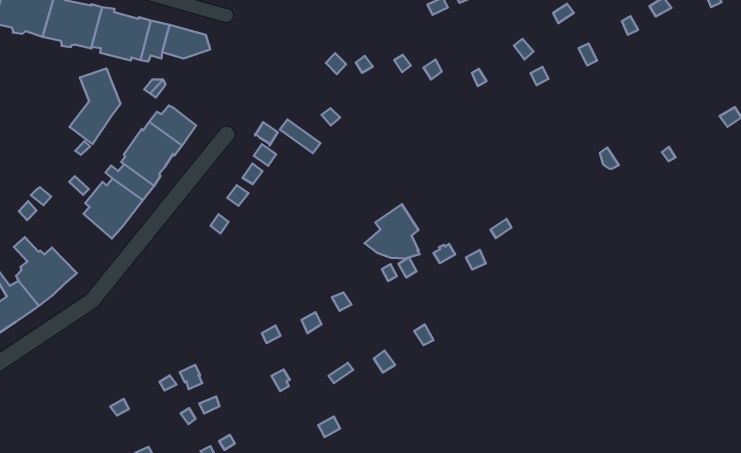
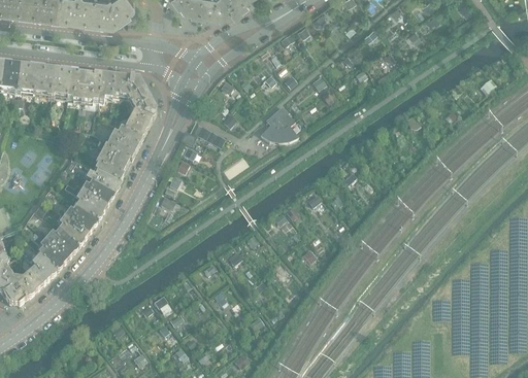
building: [70,69,120,144] -> [123,91,154,141]
building: [364,204,420,258] -> [258,107,295,143]
building: none -> [55,209,95,248]

